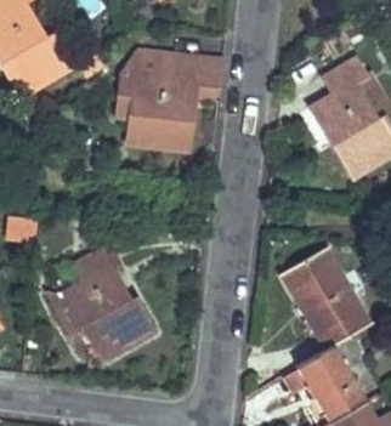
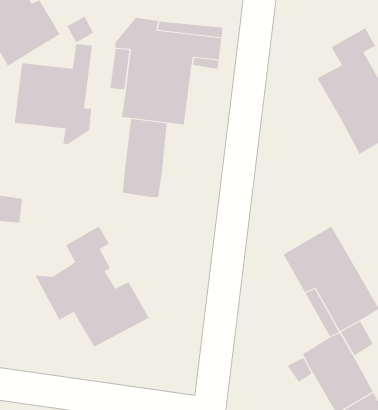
building: none -> [14,43,92,145]
building: none -> [122,118,167,198]

